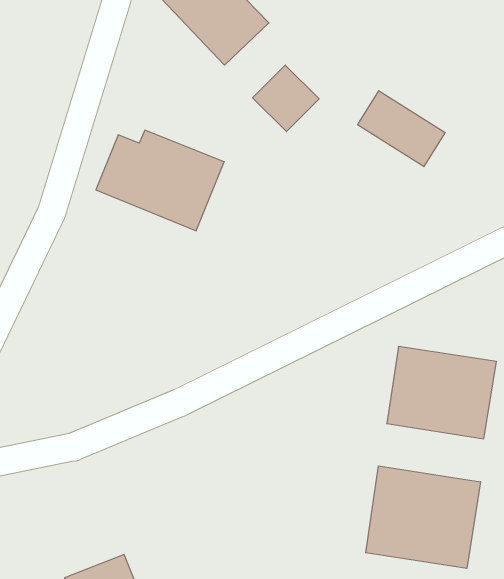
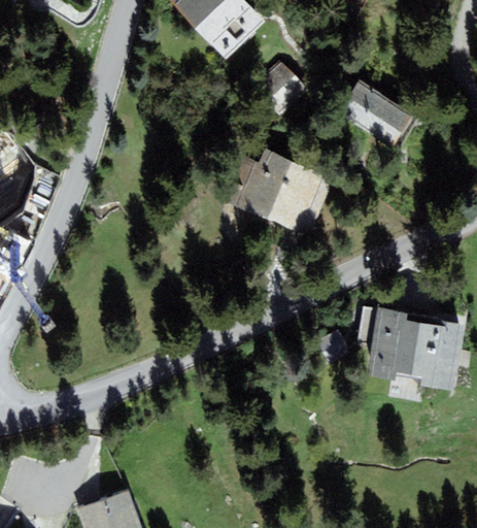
building: [96,130,224,231] -> [219,150,333,238]
building: [366,466,480,568] -> none

